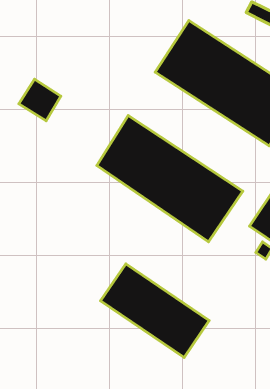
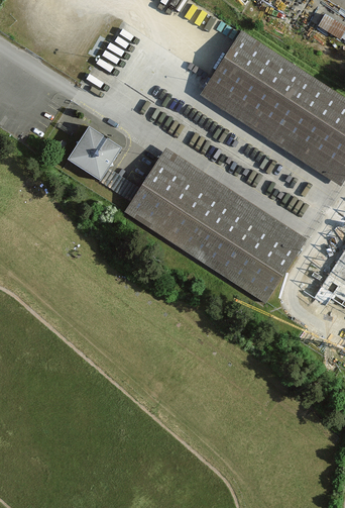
building: [19,79,61,121] -> [71,131,122,183]
building: [100,264,209,357] -> none

